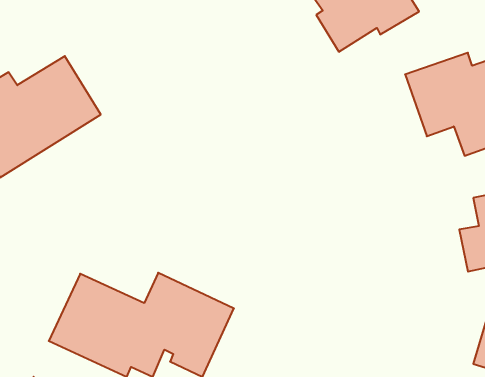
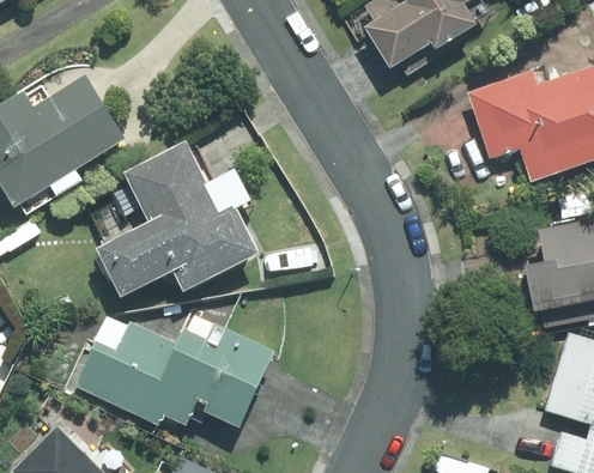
building: none -> [98,139,263,296]

